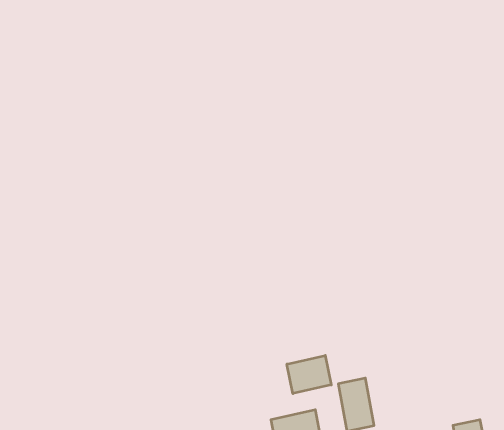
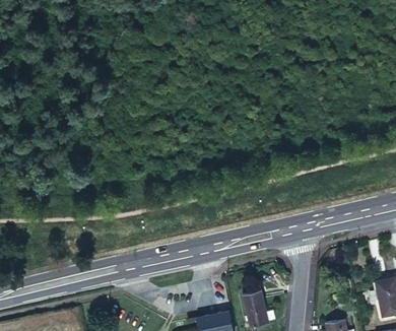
building: [287,355,331,394] -> none

